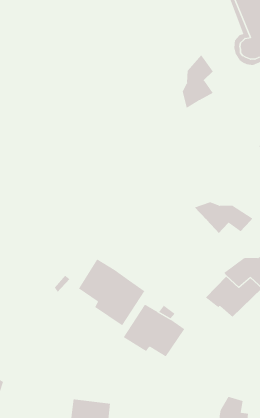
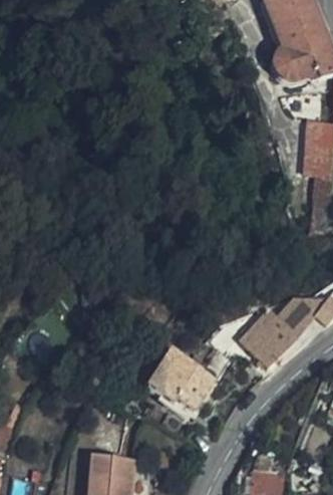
building: [182,55,214,109] -> none
building: [194,201,253,234] -> none
building: [78,258,145,326] -> none

